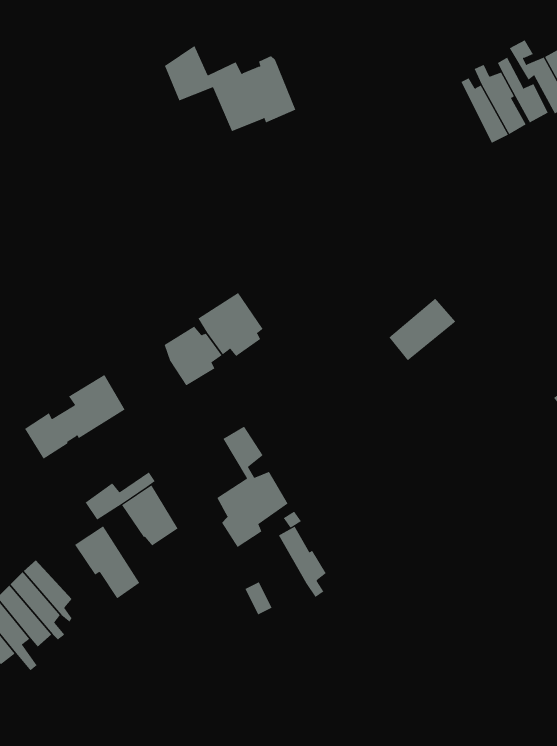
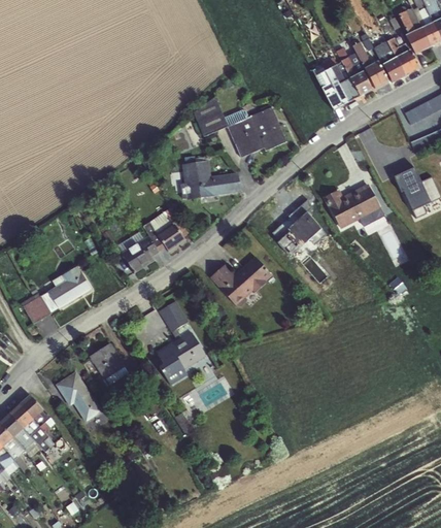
building: [164,45,296,132] -> [194,97,286,158]
building: none -> [313,60,348,110]
building: none -> [180,160,241,200]
building: none -> [323,184,381,229]
building: none -> [210,257,272,307]
building: [85,471,155,521] -> none
building: [278,526,326,598] -> none

